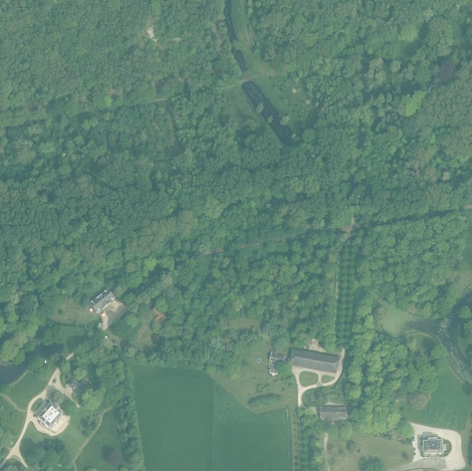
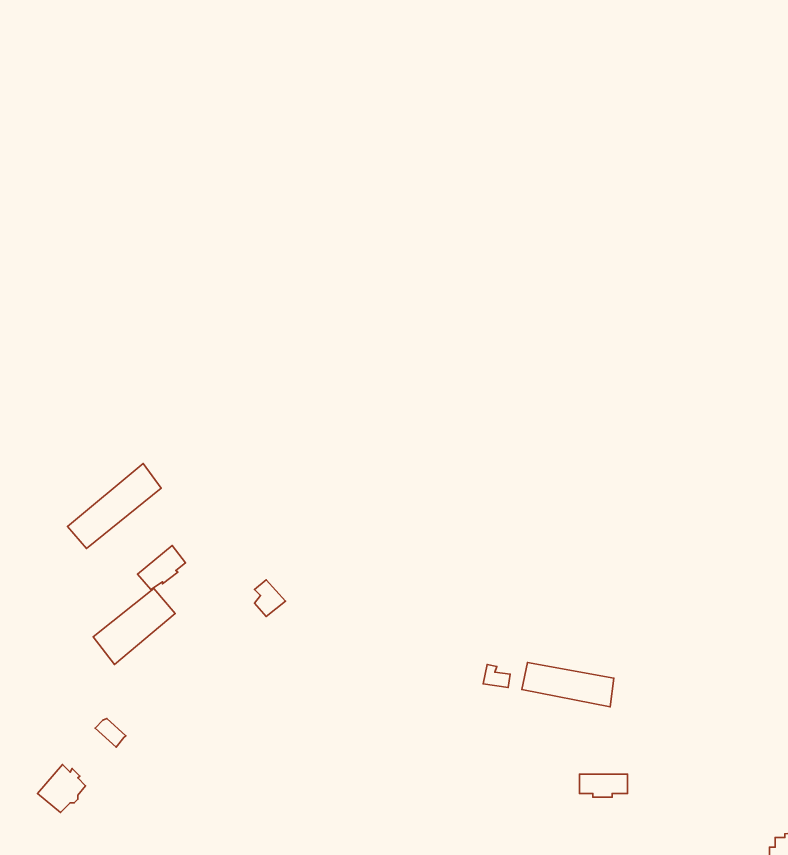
building: none -> [67,463,161,548]
building: none -> [93,589,175,664]

